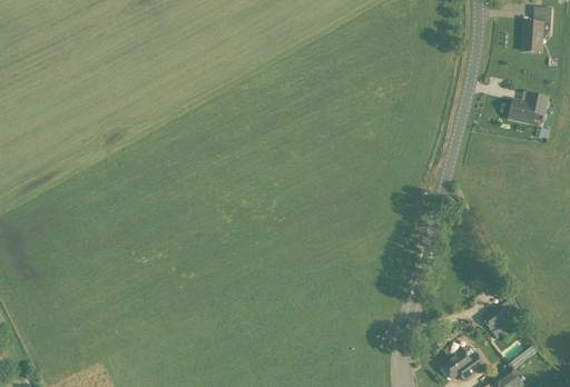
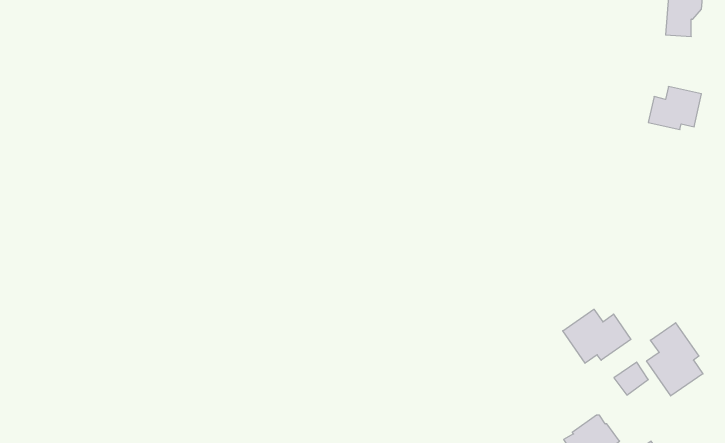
building: none -> [563,309,631,363]
building: none -> [647,323,703,396]

